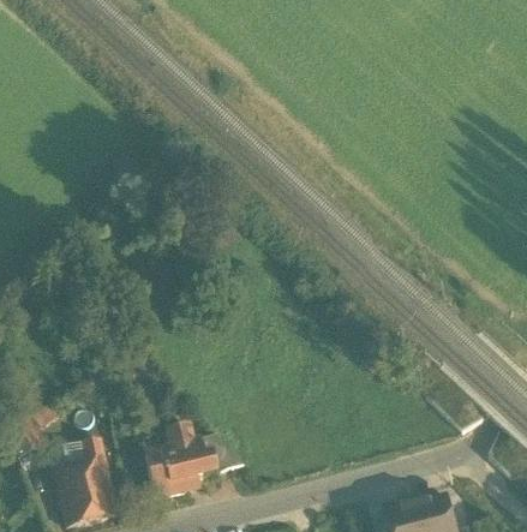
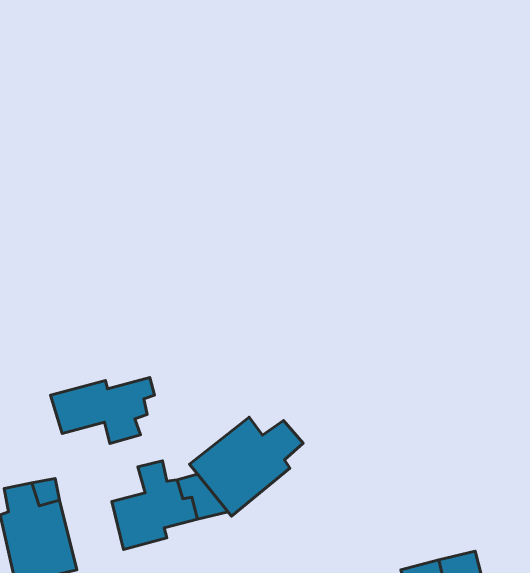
building: none -> [51,377,154,444]
building: none -> [189,417,303,516]

